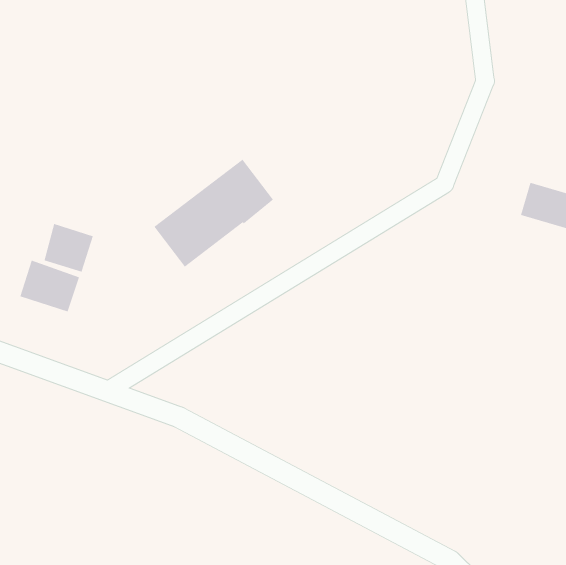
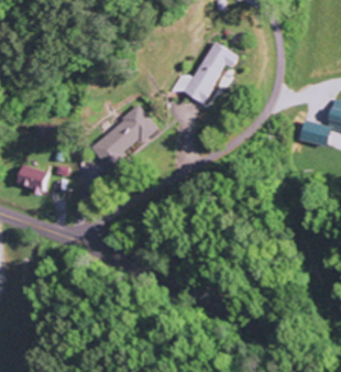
building: none -> [176,42,241,102]
building: [44,223,93,272] -> none

